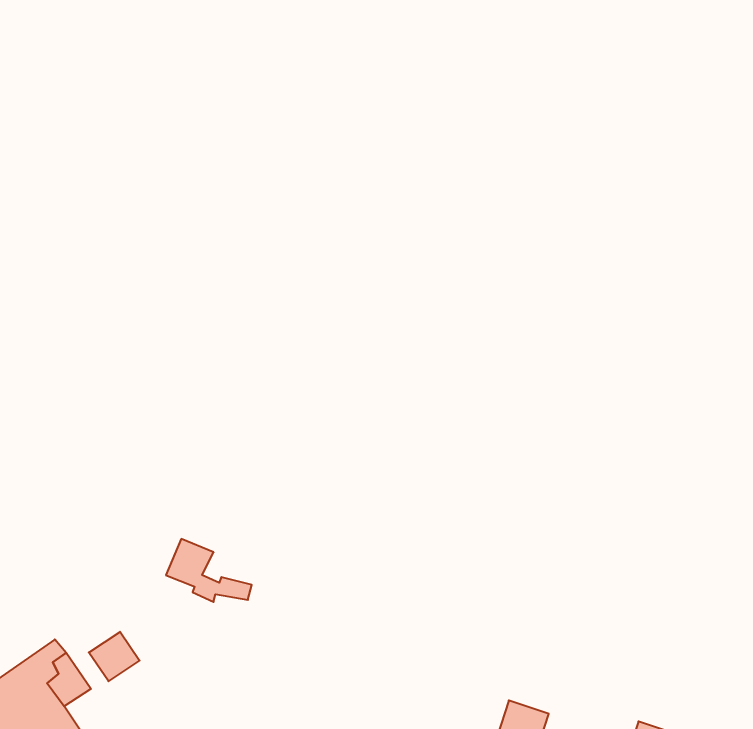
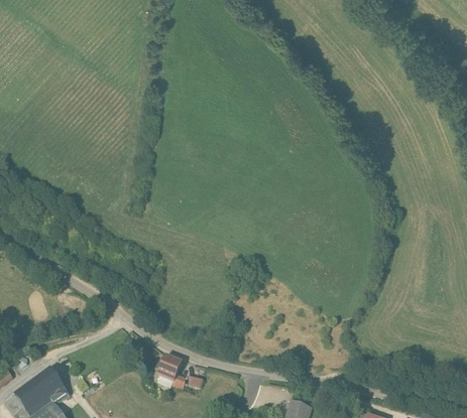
building: [166,539,252,602] -> [156,356,202,389]
building: [89,632,140,681] -> none

